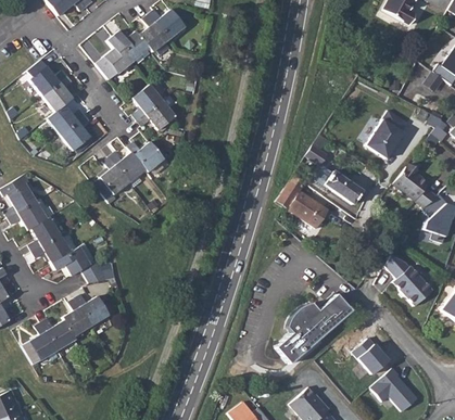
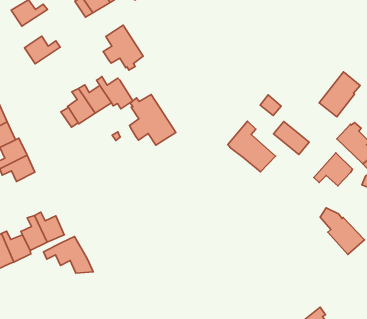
building: [42,75,74,112] -> none
building: [61,114,91,150] -> none
building: none -> [129,95,176,145]
building: none -> [314,153,352,186]
building: [53,243,109,282] -> [44,237,93,273]
building: [277,292,351,362] -> none
building: [346,333,390,376] -> none

